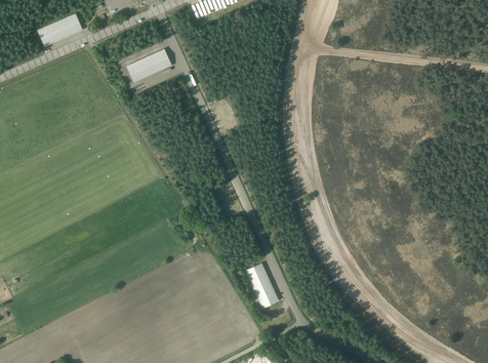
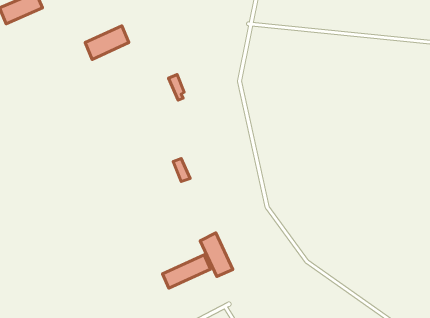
building: none -> [163,255,211,288]

